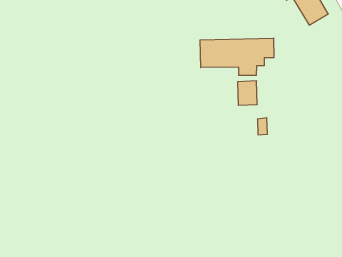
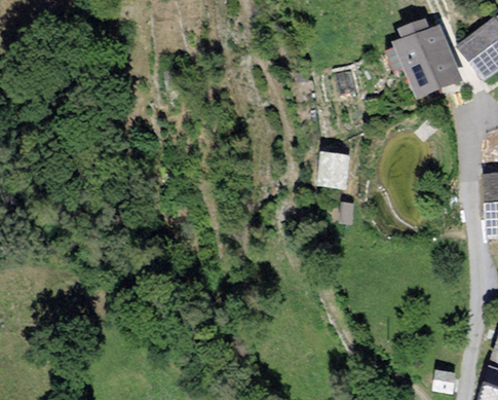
building: [200,38,274,75] -> none

